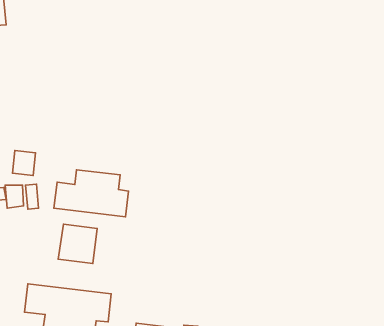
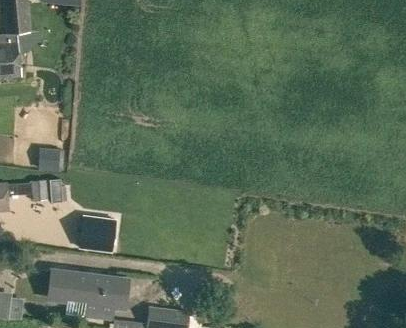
building: [54,170,129,217] -> none

